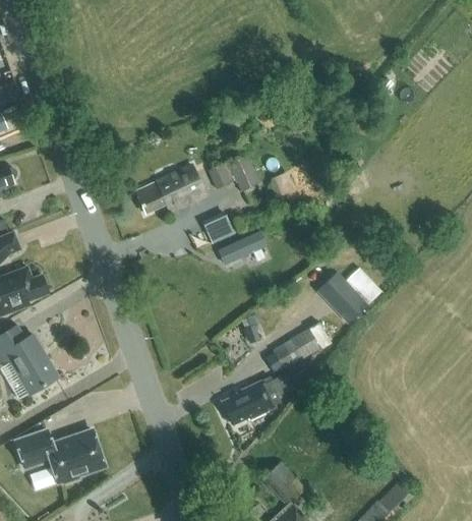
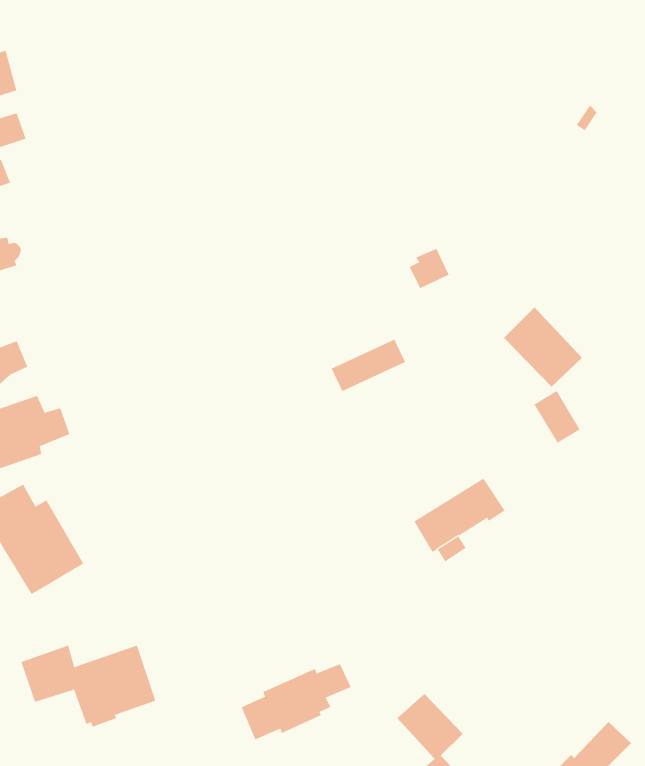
building: [206,154,257,192] -> none
building: [136,166,203,214] -> none
building: [204,213,236,242] -> none
building: [314,272,366,325] -> [503,306,583,388]
building: [220,374,292,424] -> [241,664,351,740]

